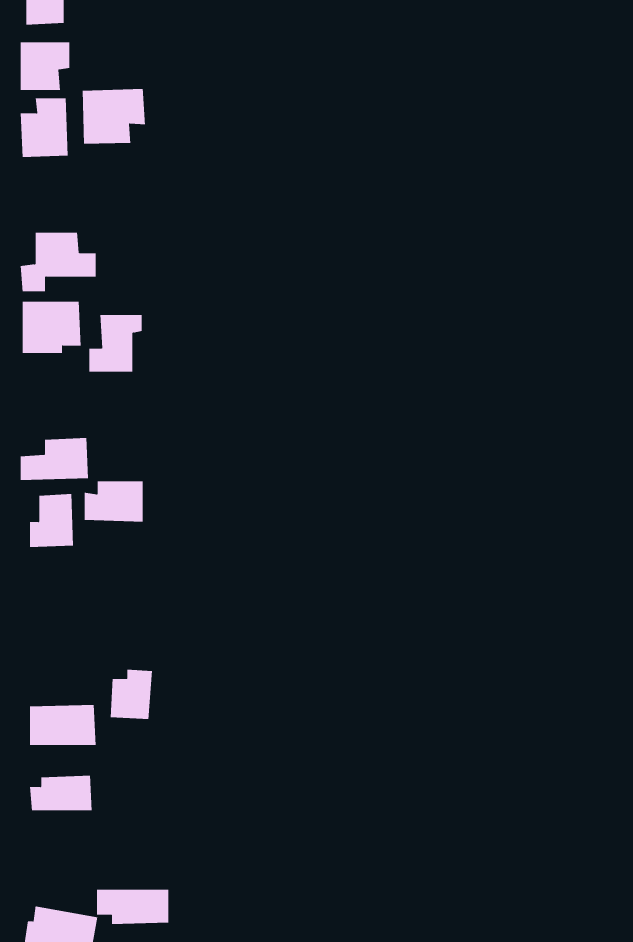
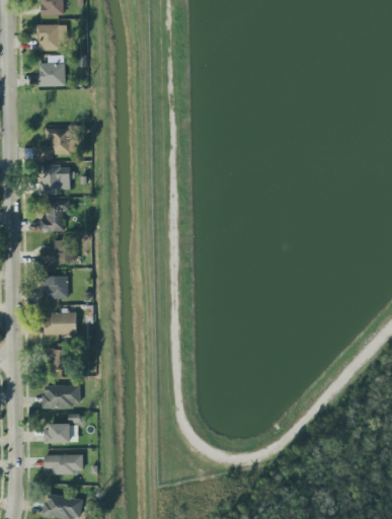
building: [82,88,145,145] -> none
building: [88,314,143,372] -> [40,200,69,231]
building: [84,481,143,522] -> [45,312,77,335]
building: [110,669,153,719] -> [48,343,71,370]
building: [96,889,169,925] -> [44,454,83,473]

